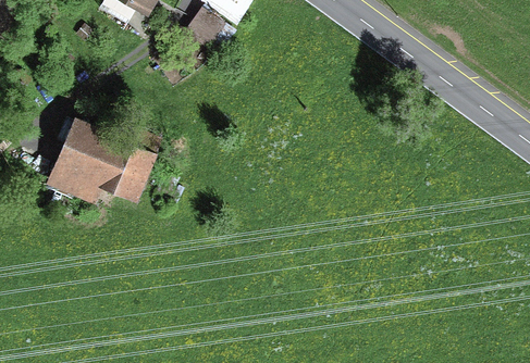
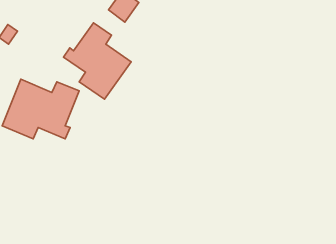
building: none -> [63,23,131,99]

